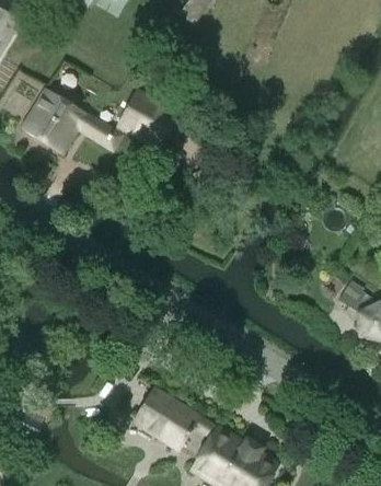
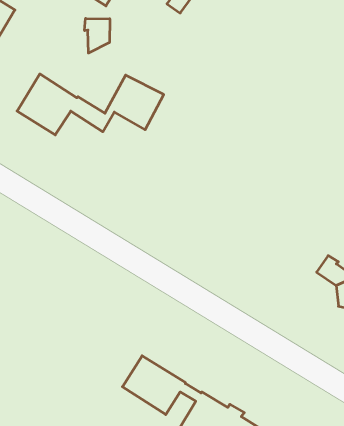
building: none -> [85,18,110,53]

